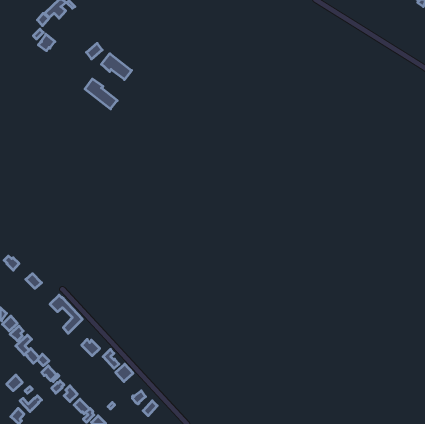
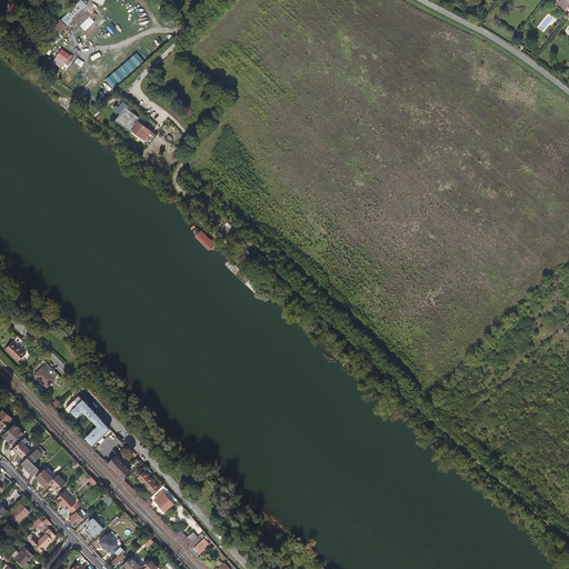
building: [101,54,132,80] -> none

